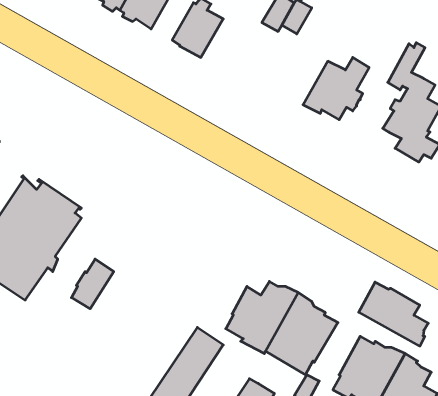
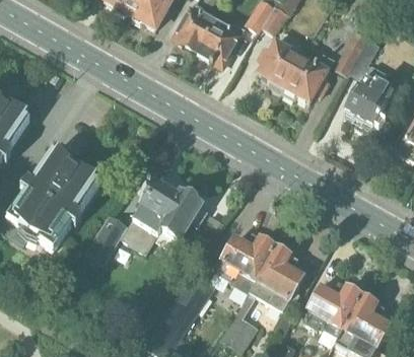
building: none -> [197,18,245,64]
building: none -> [335,28,372,73]
building: none -> [258,39,300,88]
building: none -> [122,178,207,253]
building: [359,282,428,346] -> none

